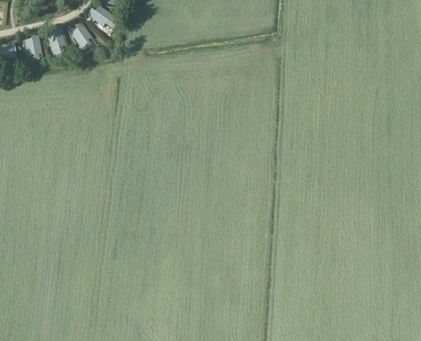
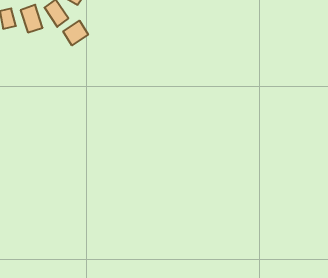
building: none -> [63,21,88,45]

